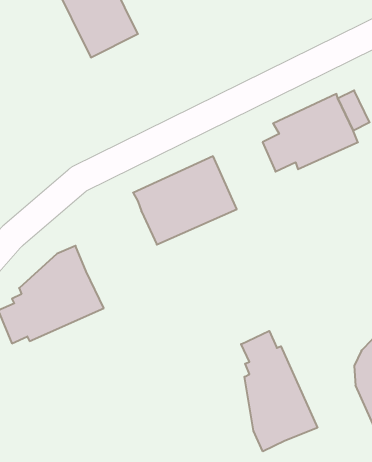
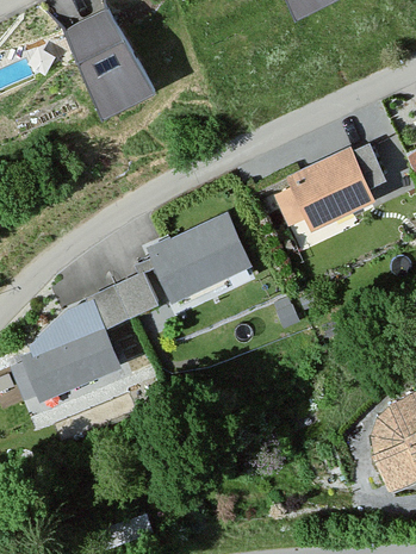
building: none -> [86,259,159,329]
building: [241,331,317,451] -> none

